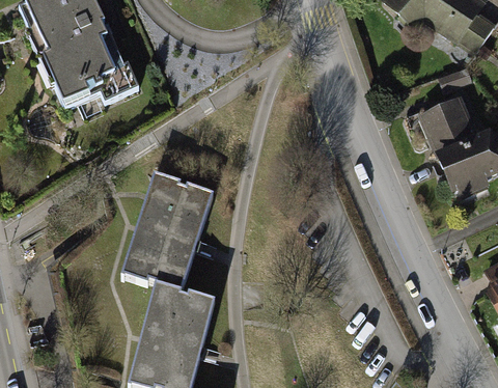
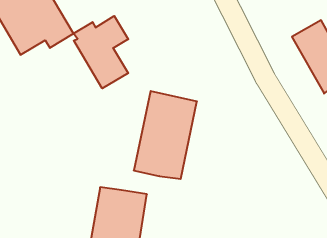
building: none -> [74,16,128,88]
building: [122,174,212,290] -> [134,91,197,179]

